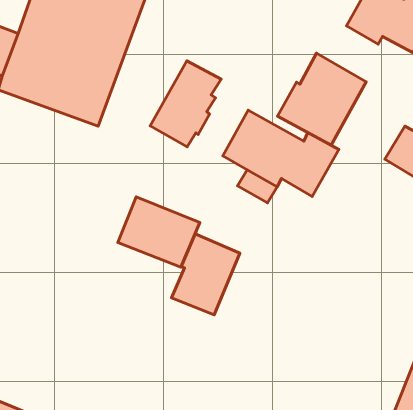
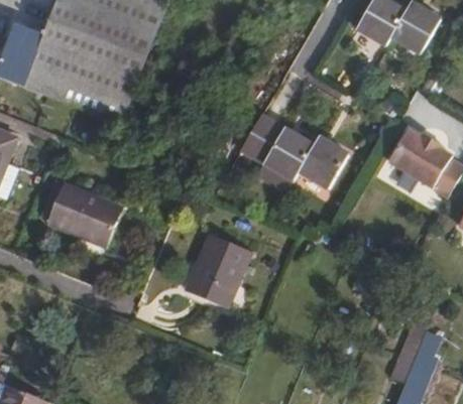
building: [278,53,366,145] -> none
building: [150,61,221,147] -> none
building: [118,197,200,267] -> [47,180,125,247]

